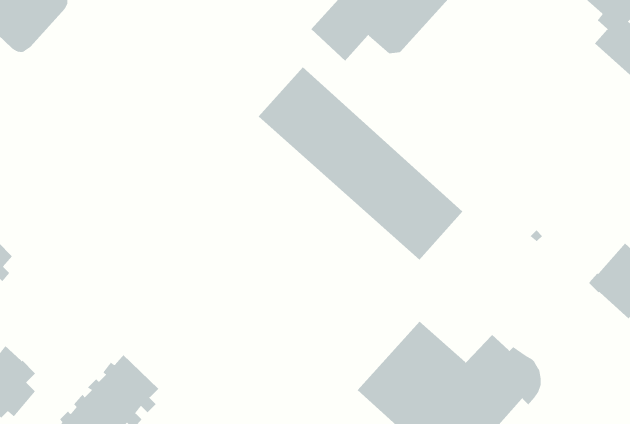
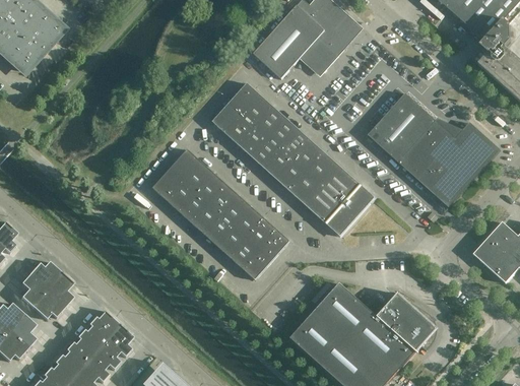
building: none -> [368,92,501,207]
building: none -> [153,149,290,279]
building: none -> [21,261,75,319]

